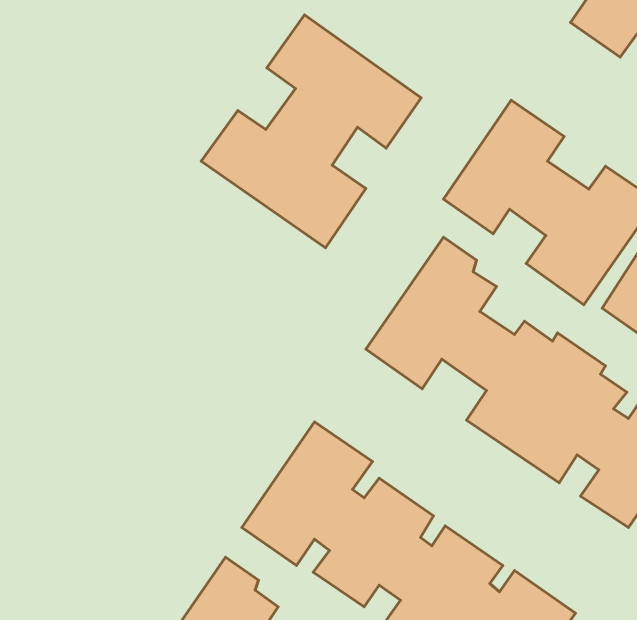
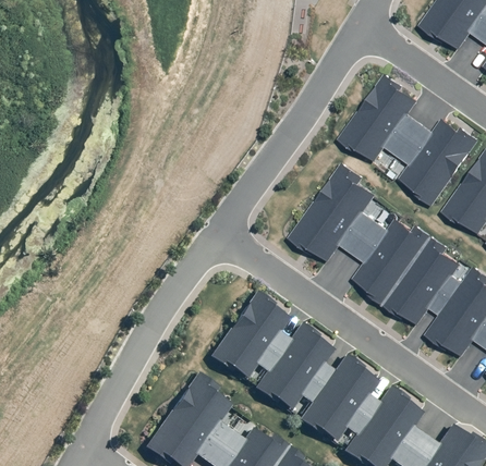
building: [201,15,421,248] -> none

